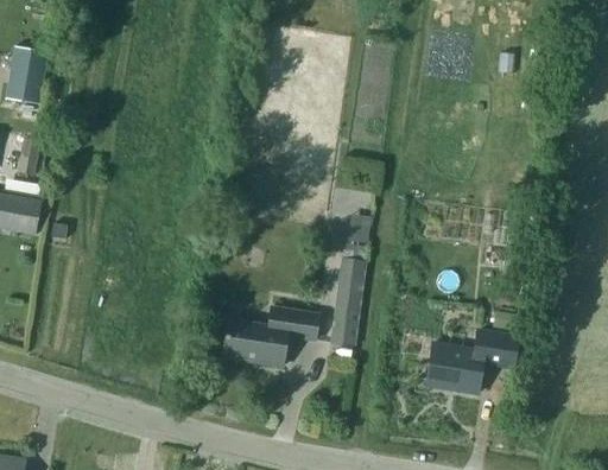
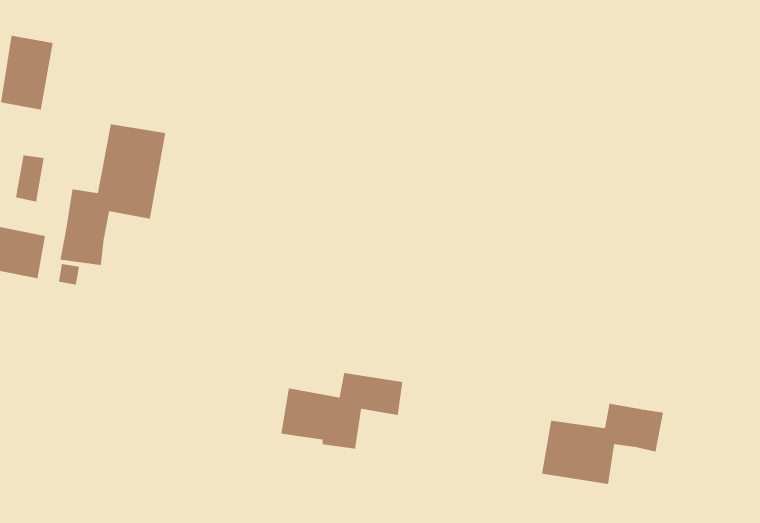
building: none -> [60,123,166,266]
building: [330,258,367,345] -> none

